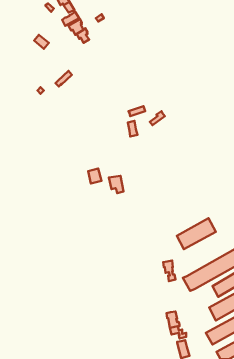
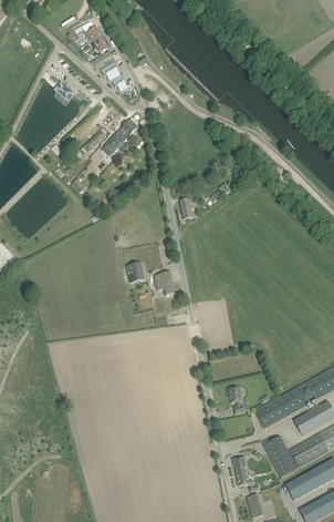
building: none -> [102,117,138,156]
building: [177,218,216,249] -> none
building: none -> [263,436,298,477]

